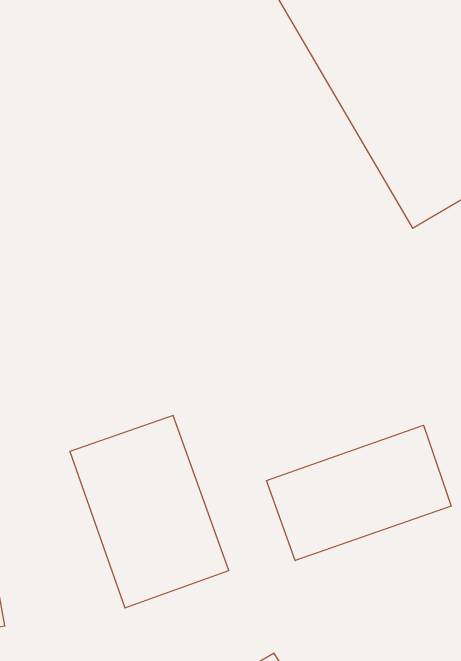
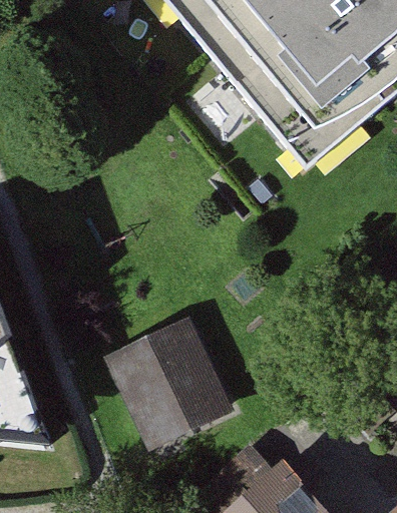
building: [266,425,451,561] -> none

